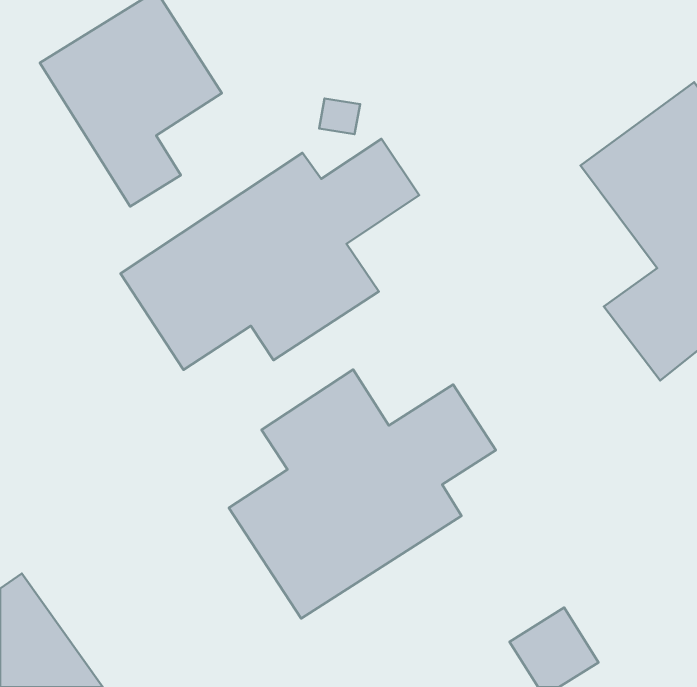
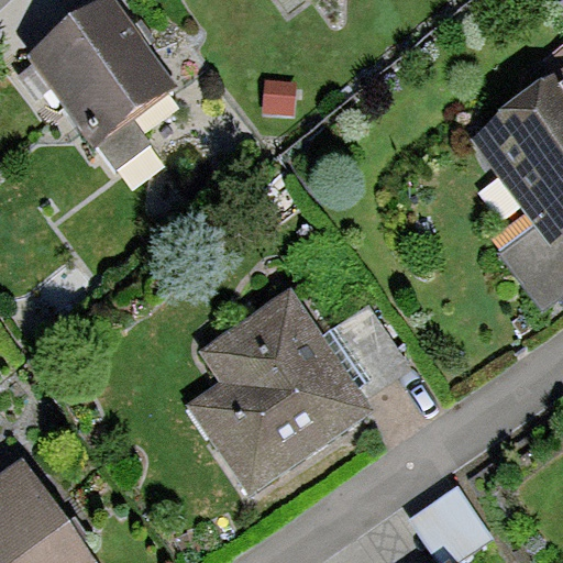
building: [121,139,419,370] -> none

